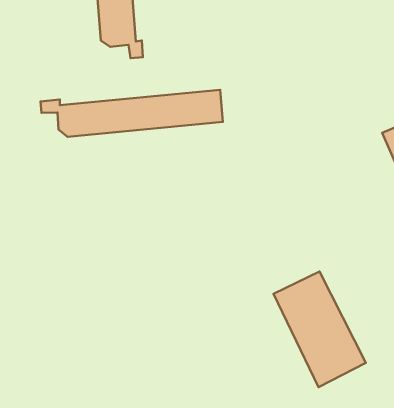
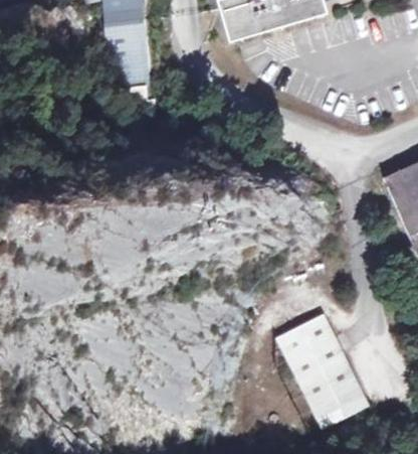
building: [40,90,223,137] -> none

